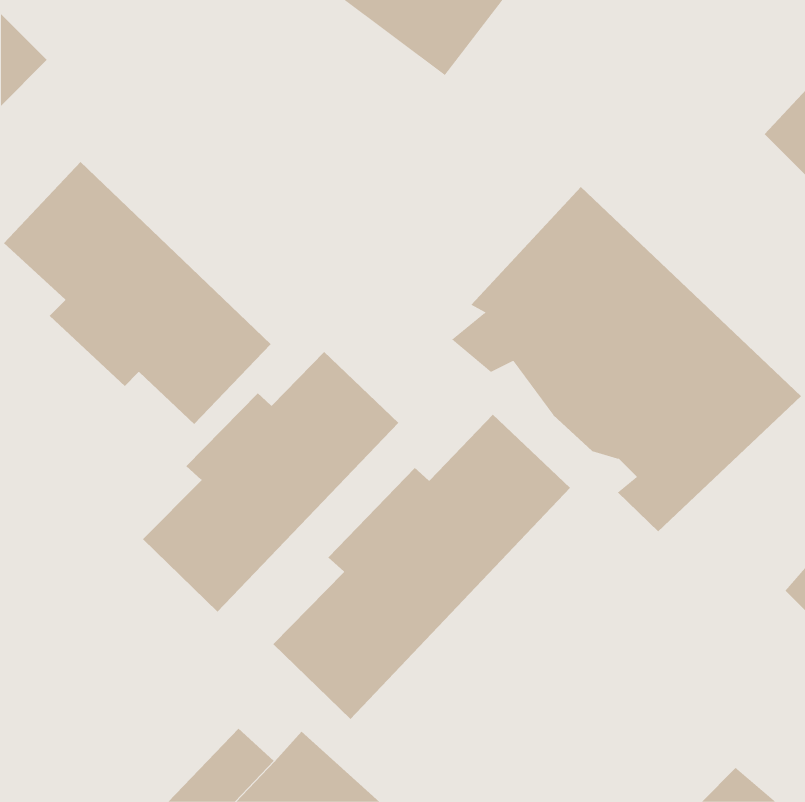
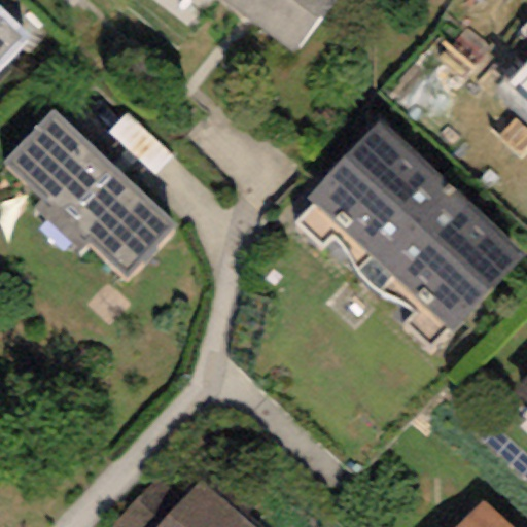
building: [142,351,399,612] -> none
building: [273,414,571,720] -> none

